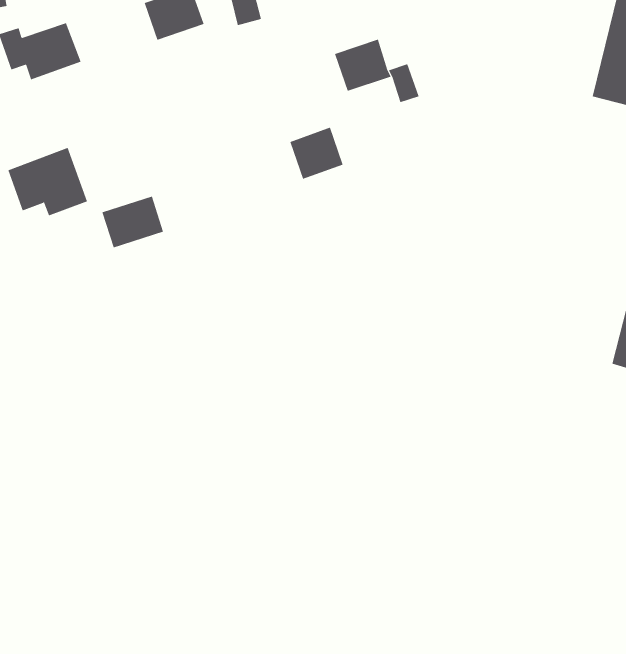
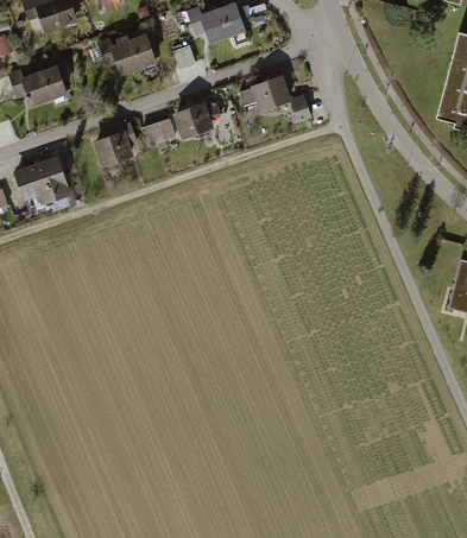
building: none -> [140,120,176,148]
building: [289,127,344,179] -> [173,101,213,139]
building: [102,196,164,248] -> [91,128,137,166]

